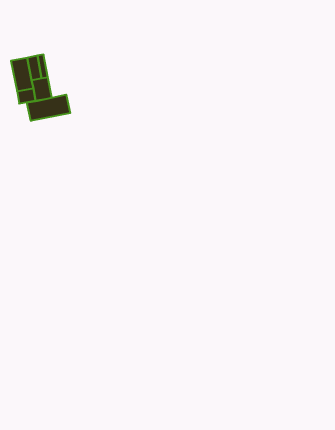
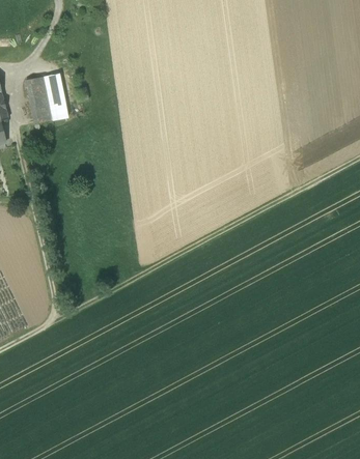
building: [27,95,70,121] -> none

